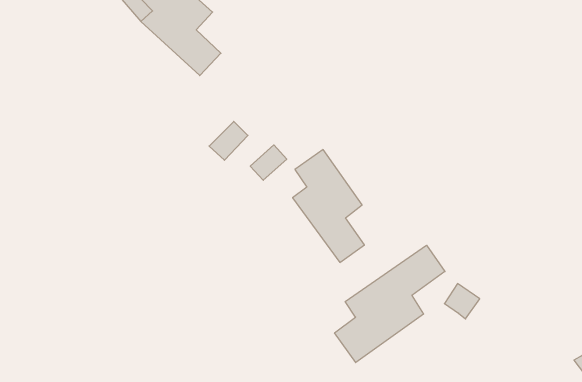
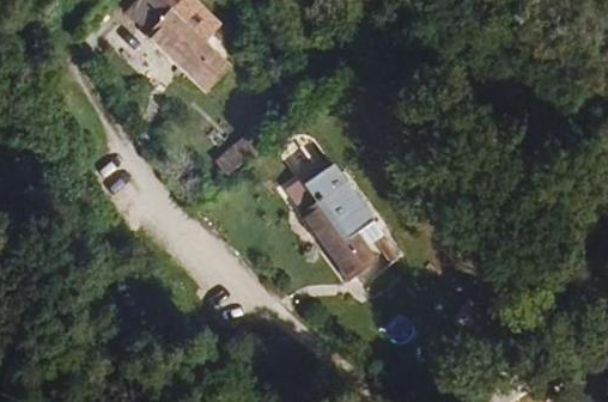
building: [335,245,445,363] -> none

